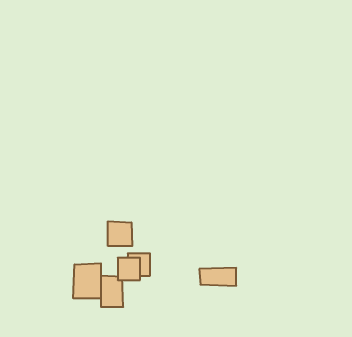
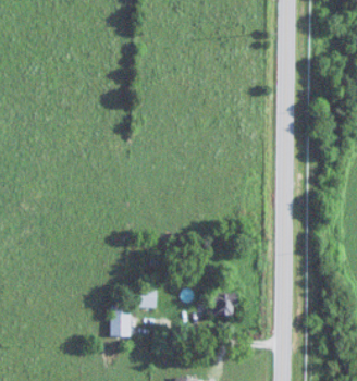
building: [108,221,132,246] -> none
building: [73,263,101,298] -> none

